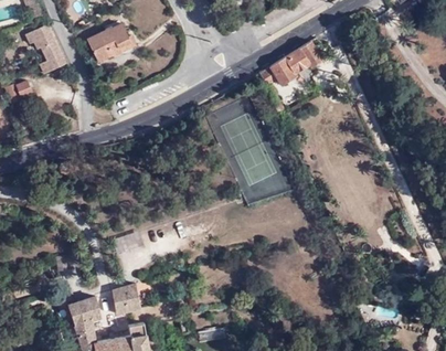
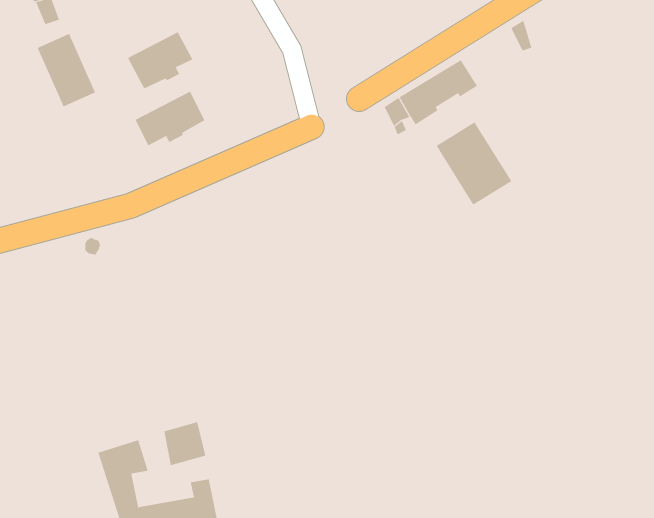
building: none -> [135,91,205,146]
building: none -> [436,122,512,206]

